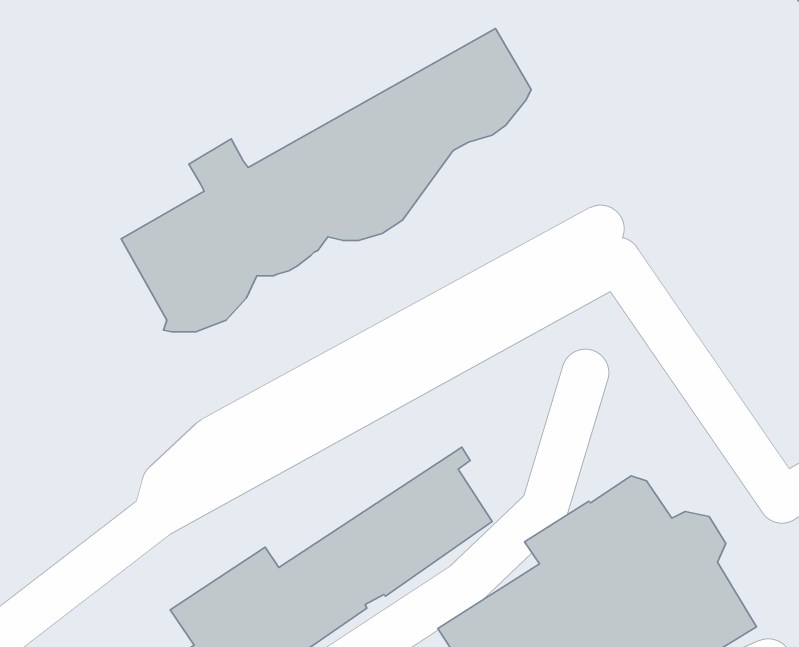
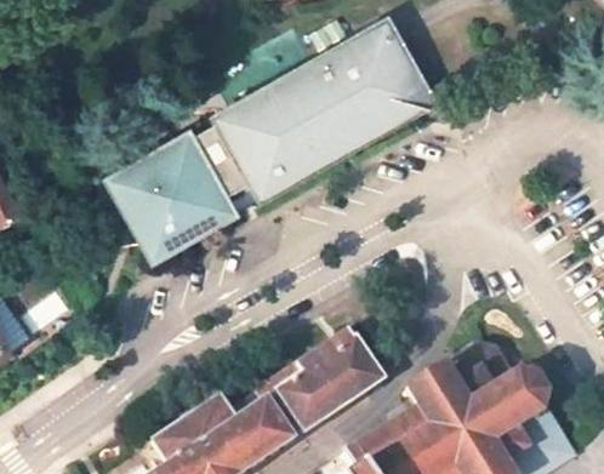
building: none -> [203,16,433,196]
building: none -> [106,136,233,256]

